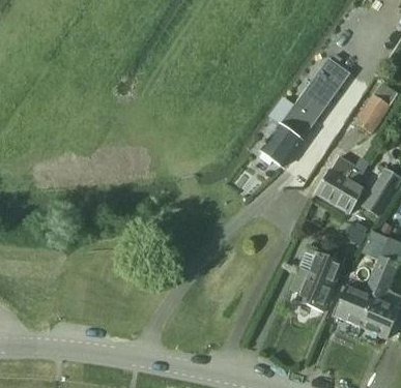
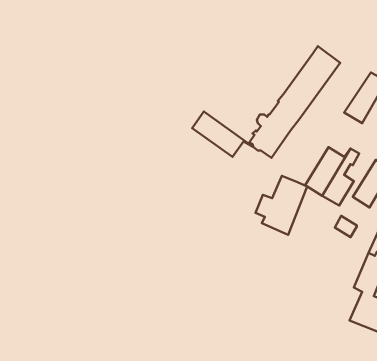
building: none -> [192,111,254,157]
building: [291,252,342,310] -> [255,176,307,235]
building: [335,287,372,326] -> none

